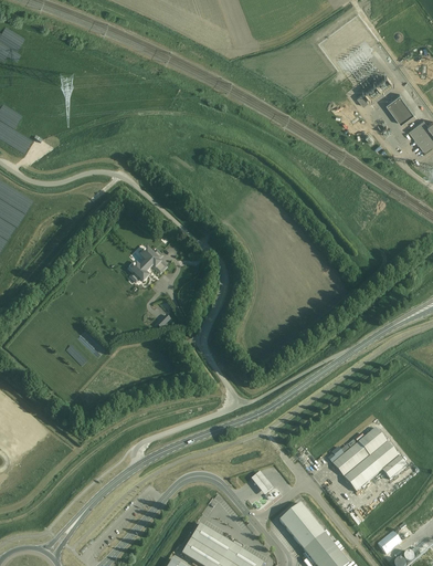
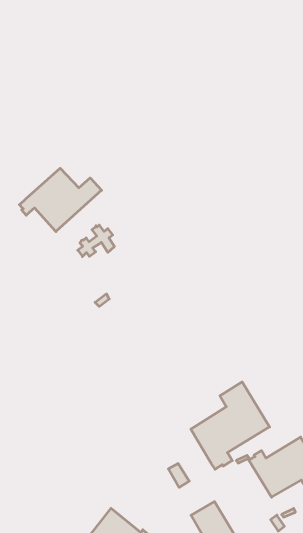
building: none -> [19,168,102,232]
building: none -> [191,382,270,469]

